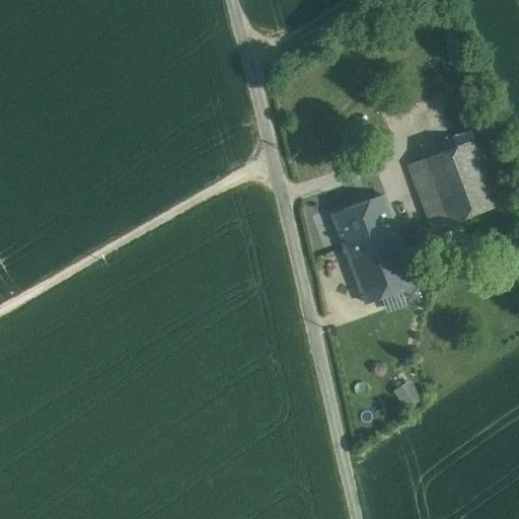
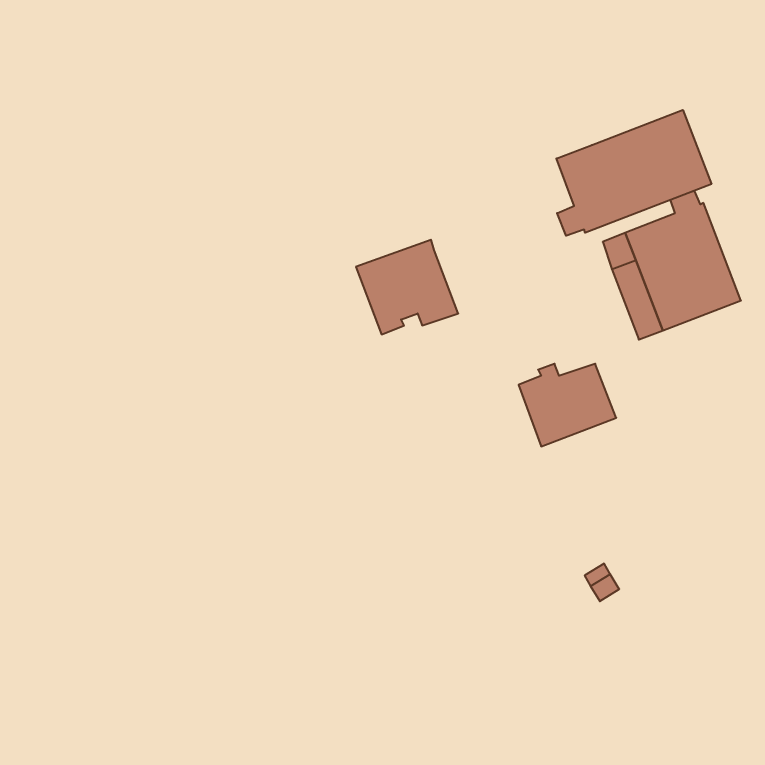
building: none -> [556,110,711,236]
building: [332,196,401,260] -> [356,240,458,334]

